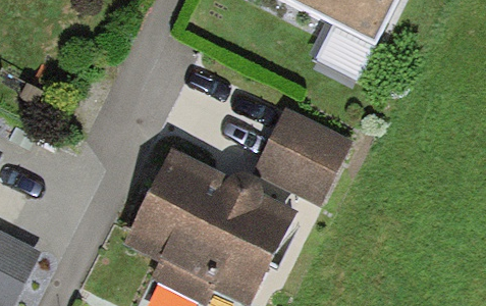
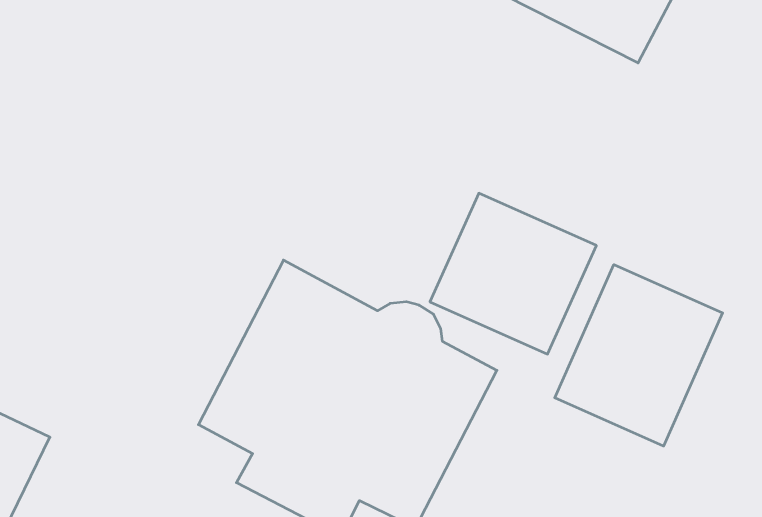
building: none -> [555,265,723,446]

